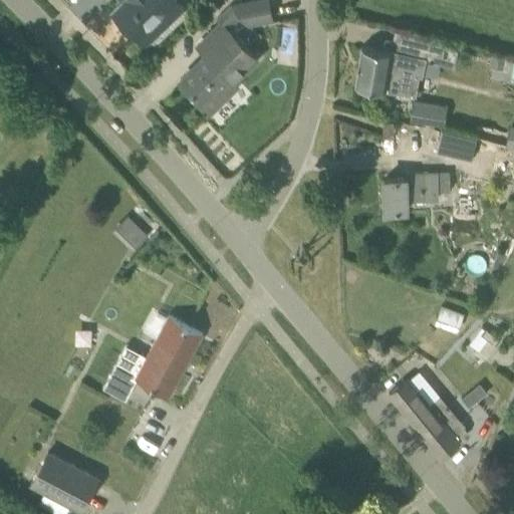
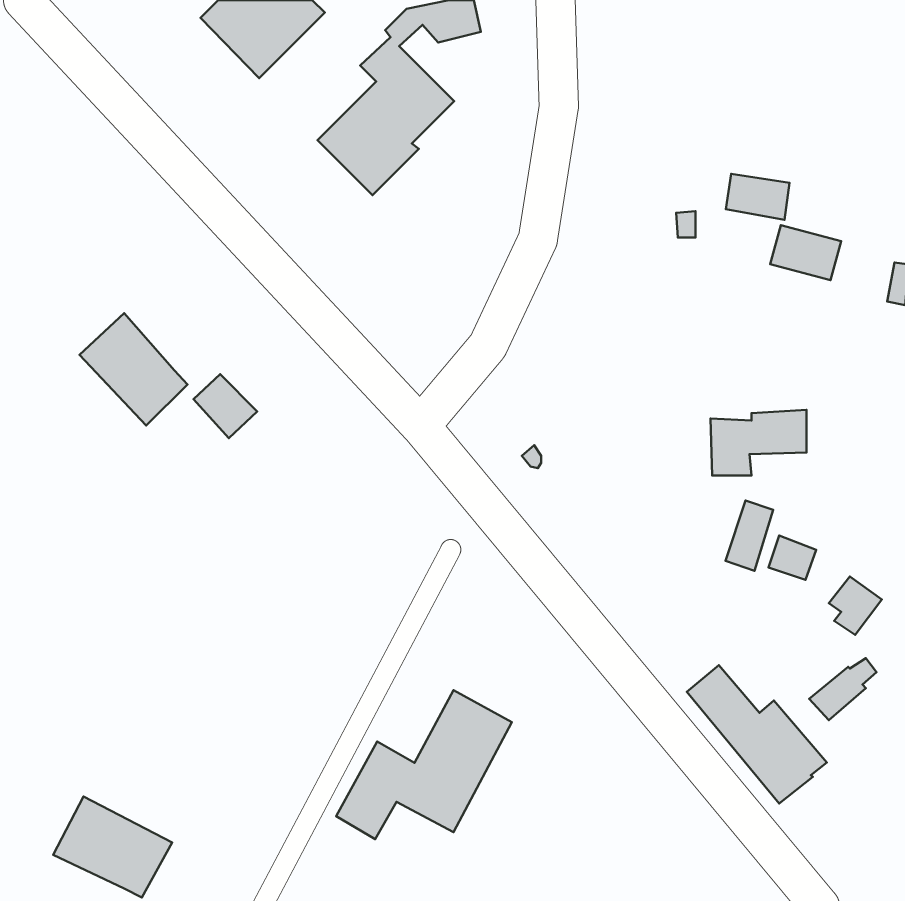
building: [356,41,458,97] -> none
building: [386,175,440,212] -> [711,410,806,475]
building: none -> [79,313,187,425]
building: none -> [725,501,773,571]
building: [103,317,203,402] -> [336,690,512,839]

